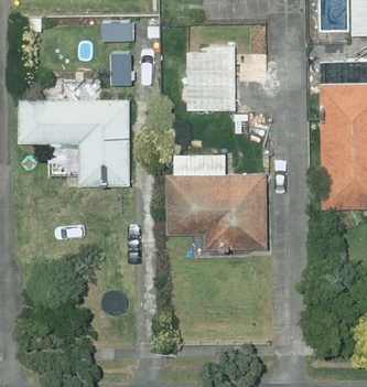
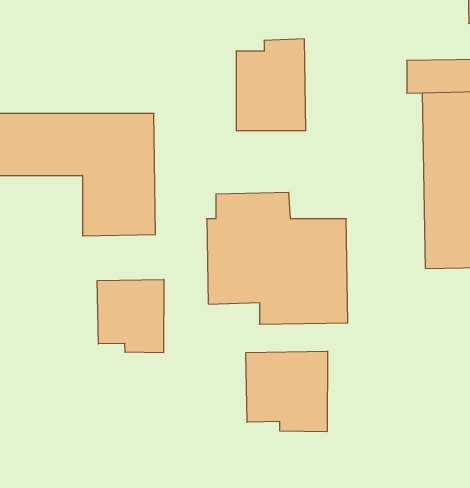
building: none -> [97,279,164,353]
building: none -> [246,351,328,432]

